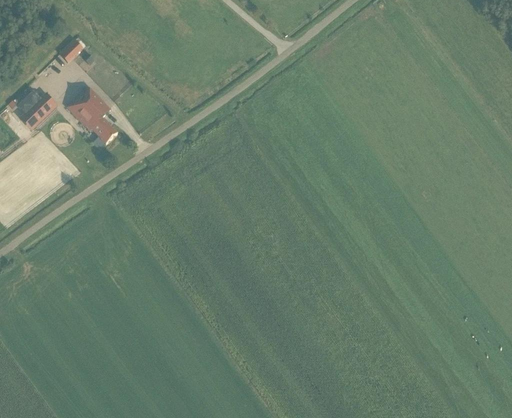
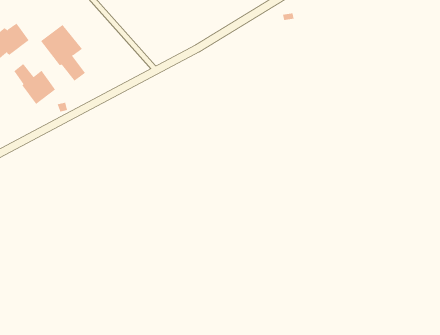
building: none -> [13,63,56,105]

